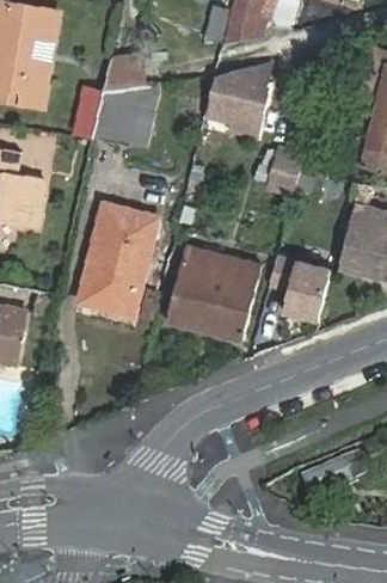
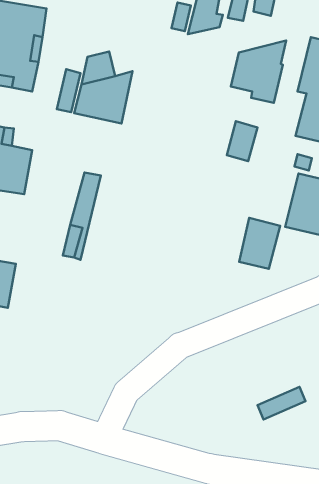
building: [209,59,274,131] -> [231,40,286,103]
building: [99,208,156,314] -> none
building: [166,245,262,339] -> none

